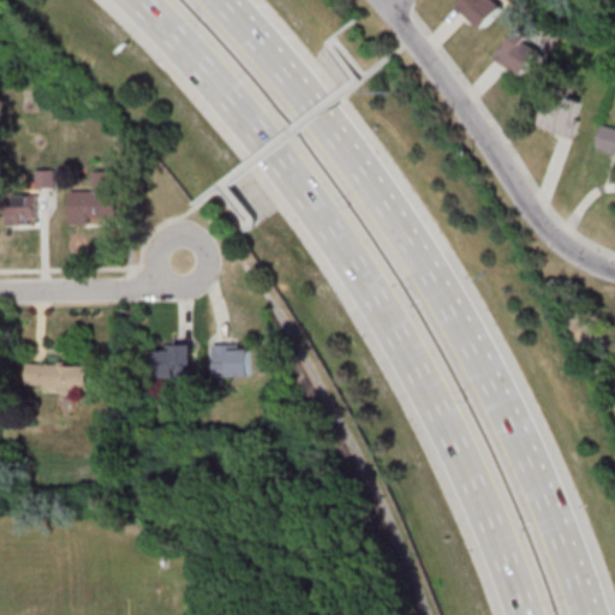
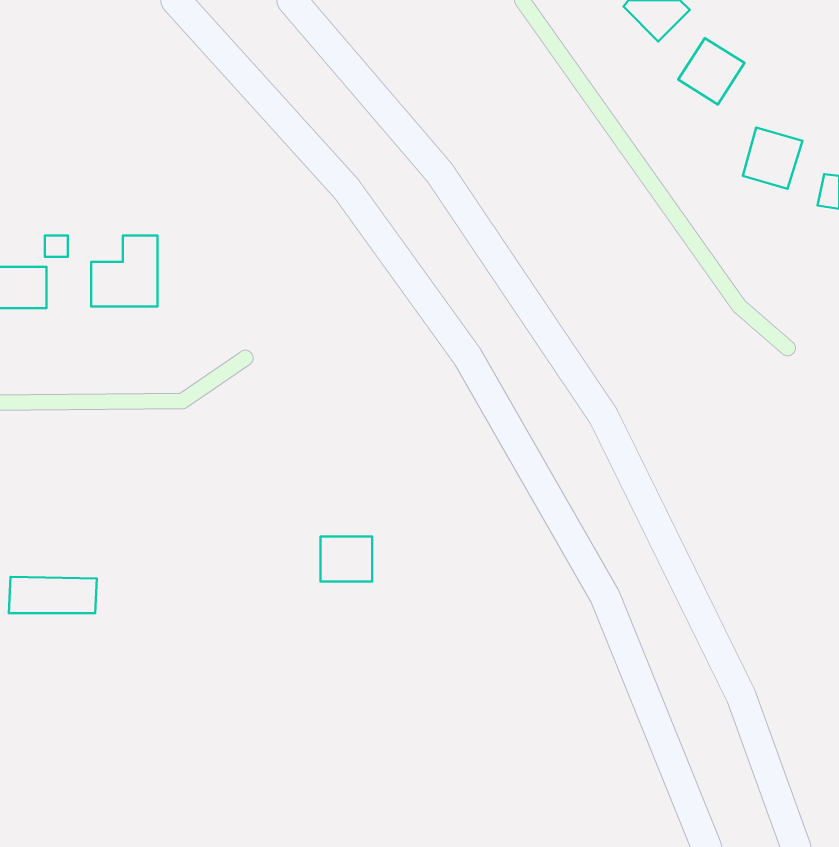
building: [210,344,247,376] -> [321,537,372,581]
building: [151,346,189,377] -> none
building: [23,363,86,389] -> [9,577,97,613]

